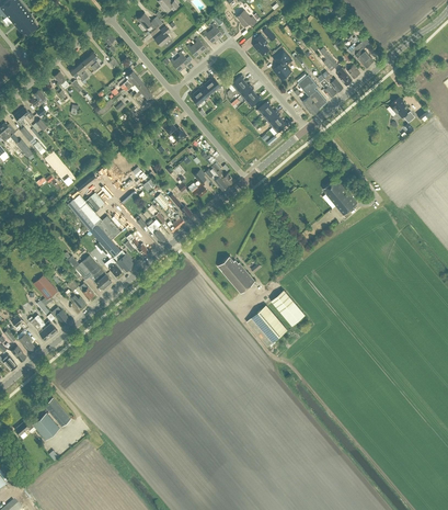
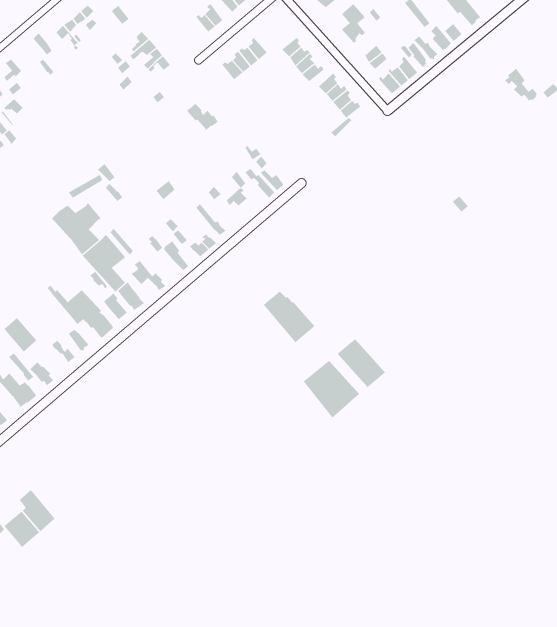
building: [323,178,357,214] -> none

